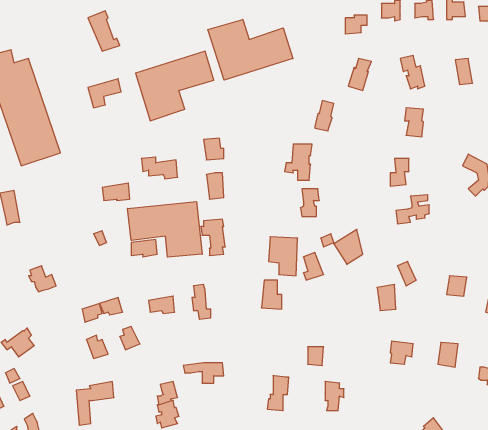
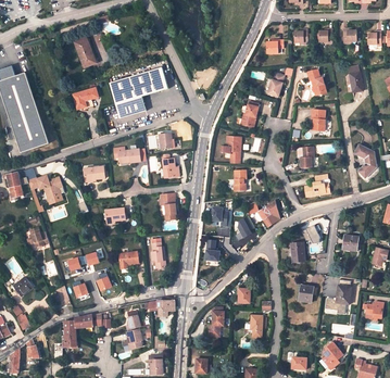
building: [208,19,293,80] -> none
building: none -> [27,176,62,198]
building: [128,202,202,257] -> none

